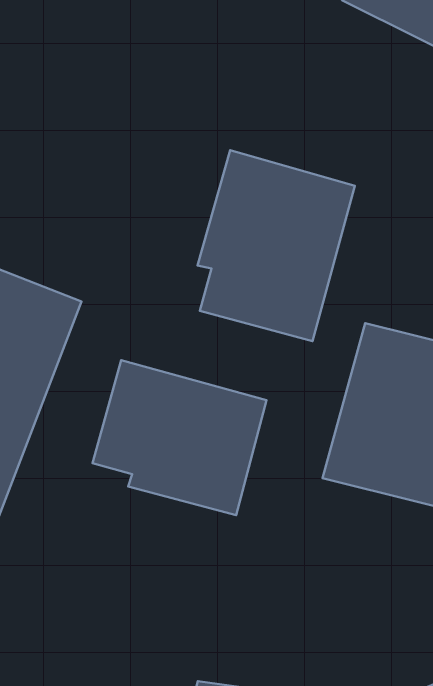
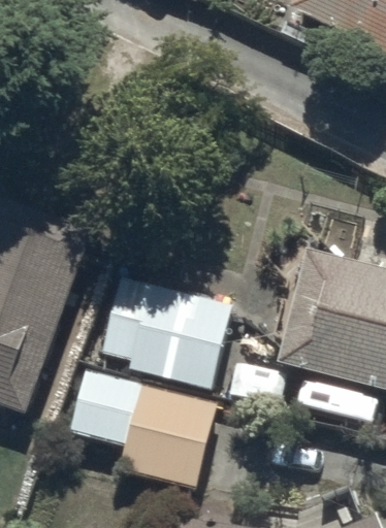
building: [198,150,355,341] -> none
building: none -> [69,367,217,488]

